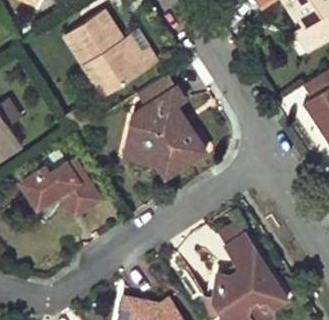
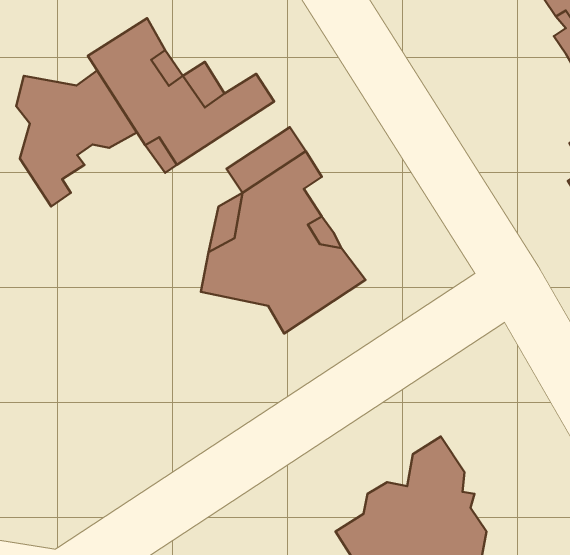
building: none -> [16,71,137,207]
building: [26,160,105,216] -> none

